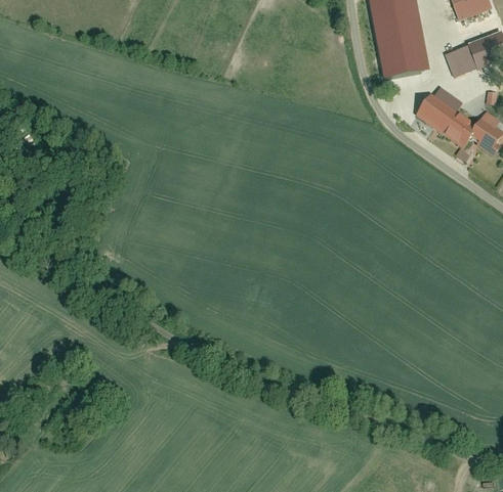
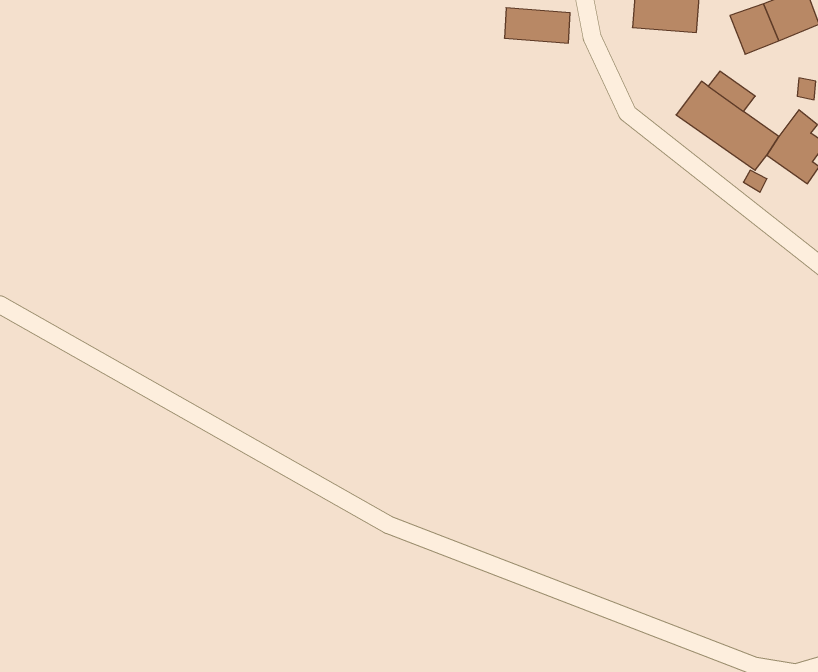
building: [384,59,424,81] -> [504,8,570,43]

